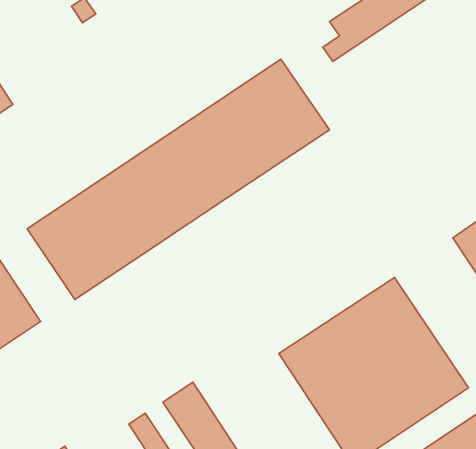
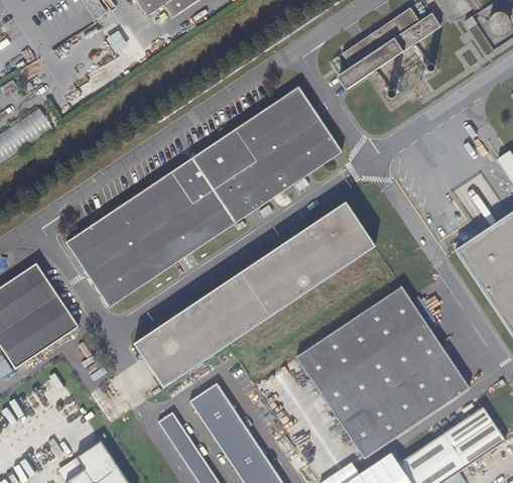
building: none -> [133,202,374,388]

